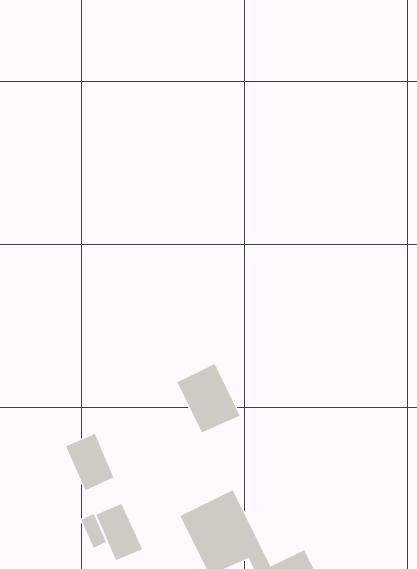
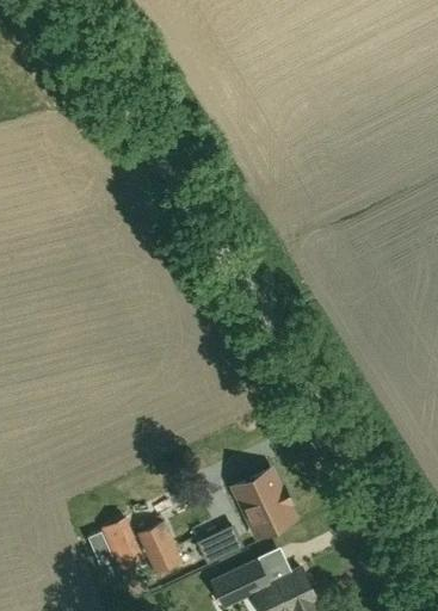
building: [177,363,240,433] -> [234,470,295,537]
building: [65,432,114,491] -> [137,520,184,576]

